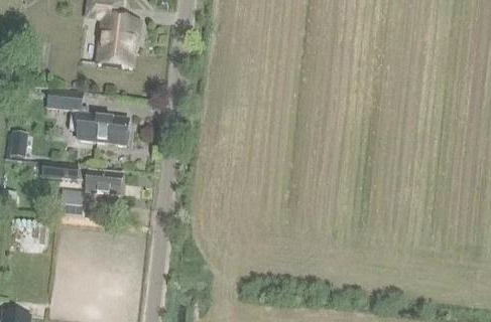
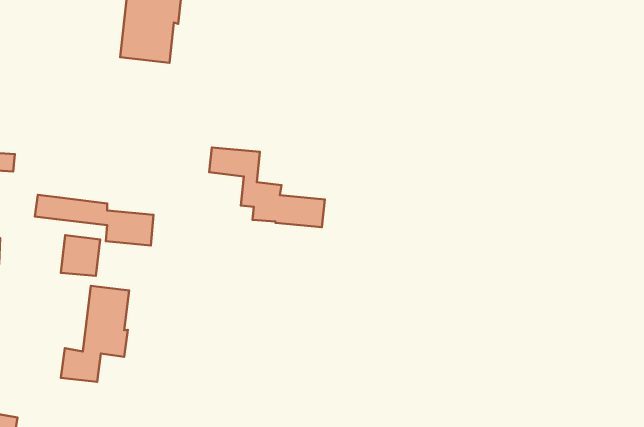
building: [47,90,128,145] -> [209,148,325,227]
building: none -> [61,286,129,382]

